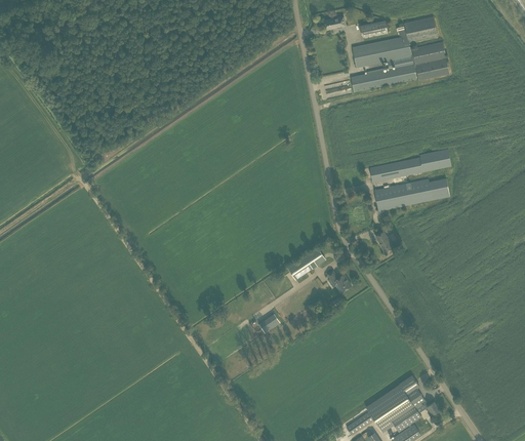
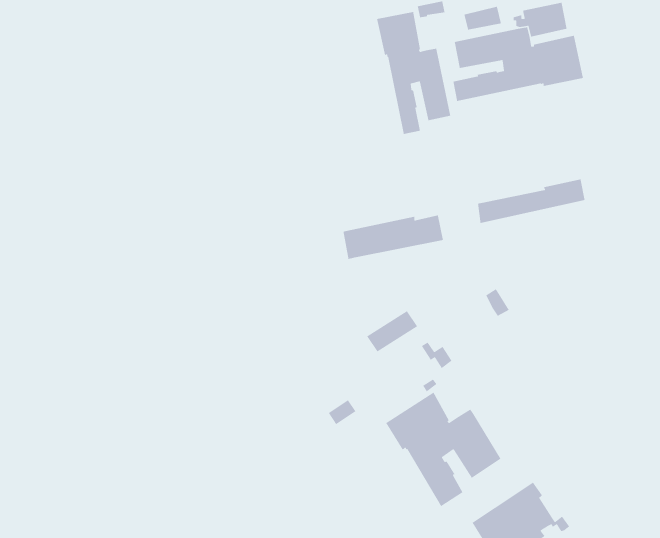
building: none -> [376,11,451,135]
building: [373,176,449,210] -> [342,214,444,260]
building: none -> [385,392,501,507]

